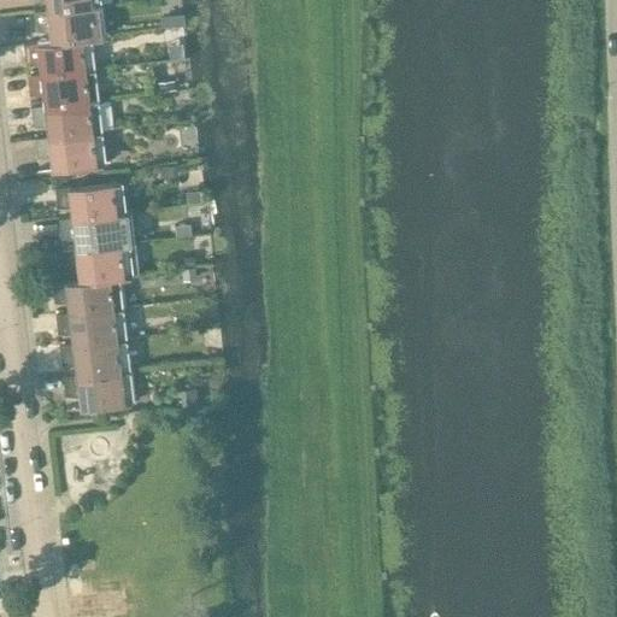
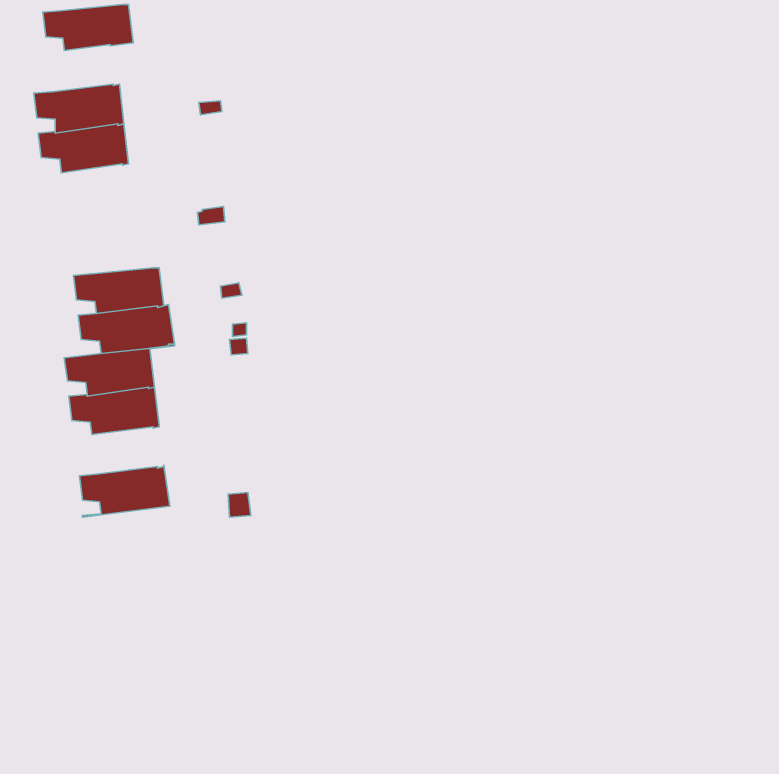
building: [25,40,107,78] -> none
building: [36,135,107,175] -> none
building: [57,184,128,222] -> none
building: [60,341,131,380] -> none

